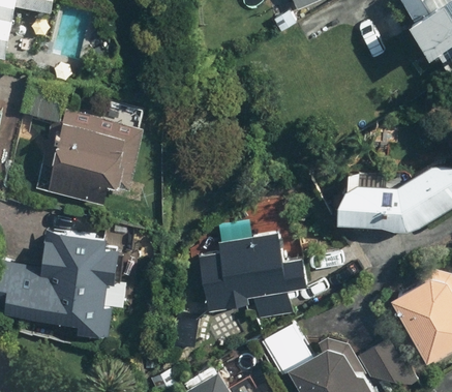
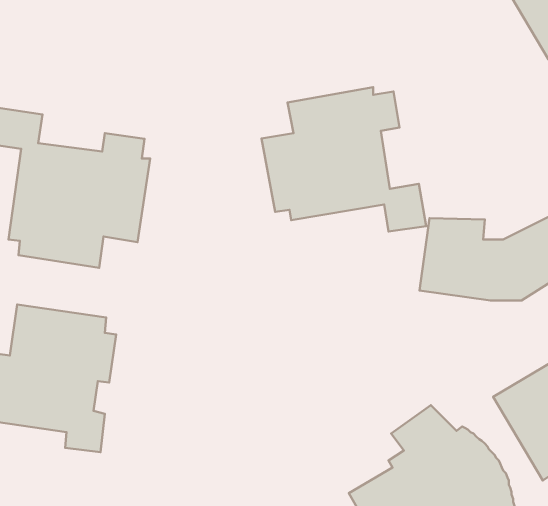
building: none -> [262,87,426,232]
building: [200,233,306,311] -> none

